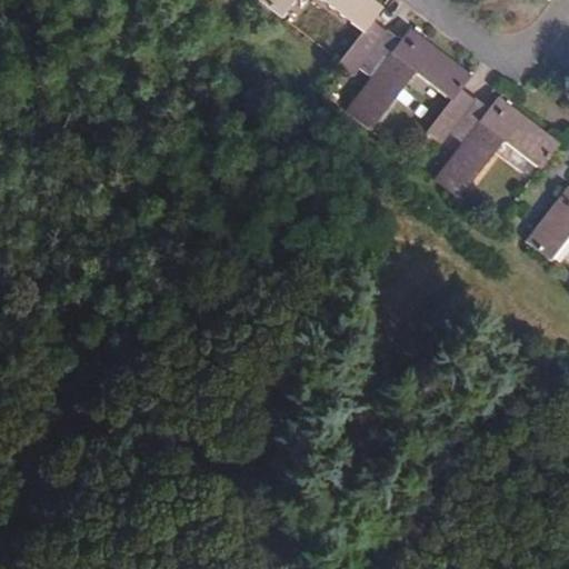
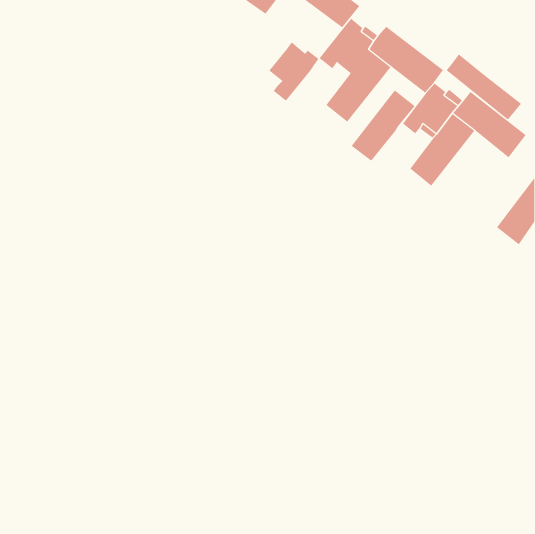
building: none -> [269,41,319,102]
building: none -> [446,53,522,120]
building: none -> [351,89,415,162]

